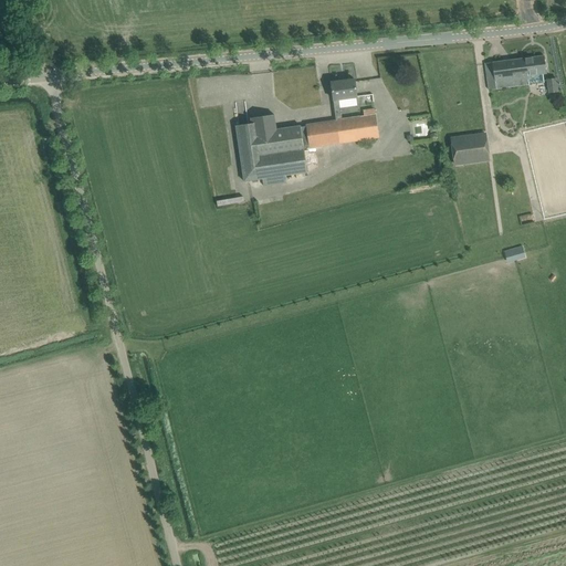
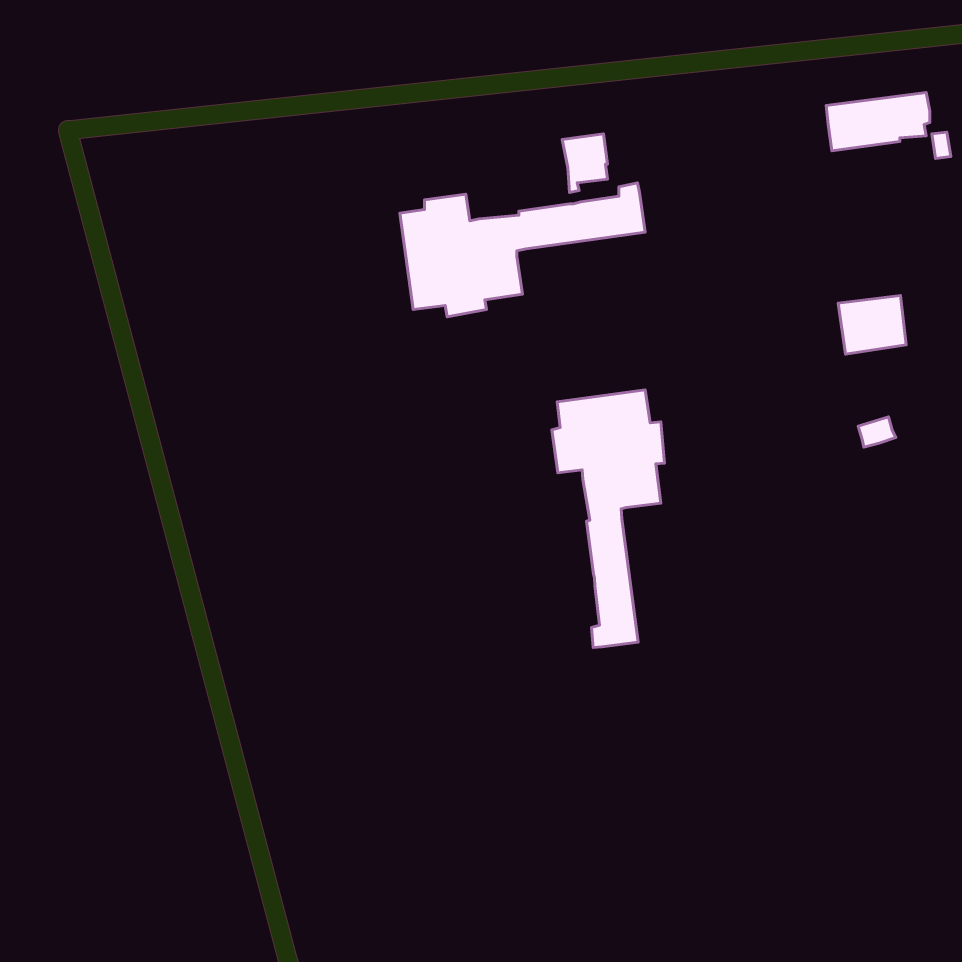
building: [449,132,489,166] -> [838,296,906,354]
building: none -> [552,390,665,647]

